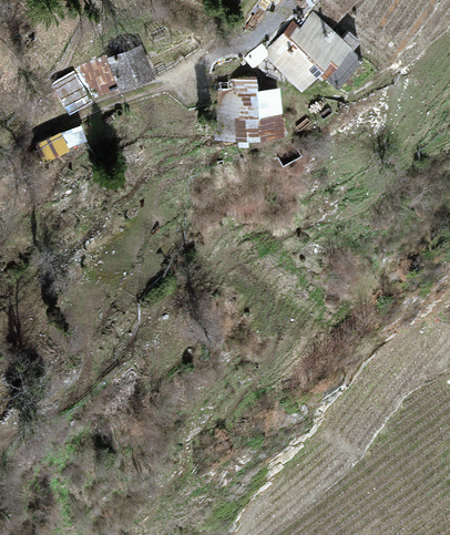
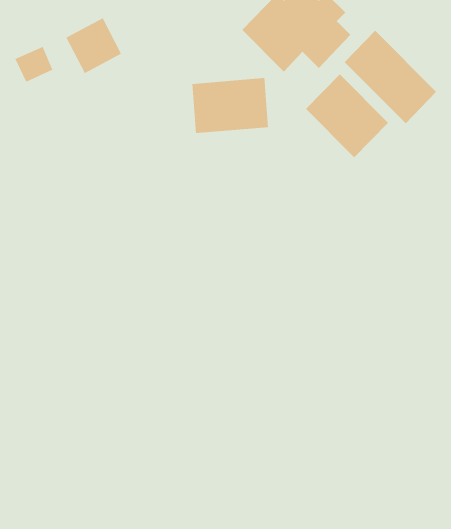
building: none -> [344,30,437,124]
building: none -> [305,74,389,158]

